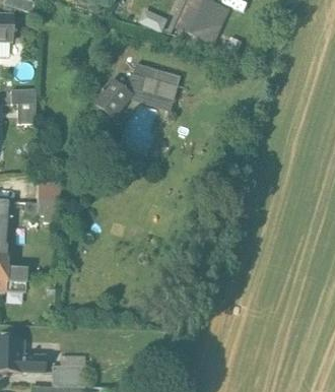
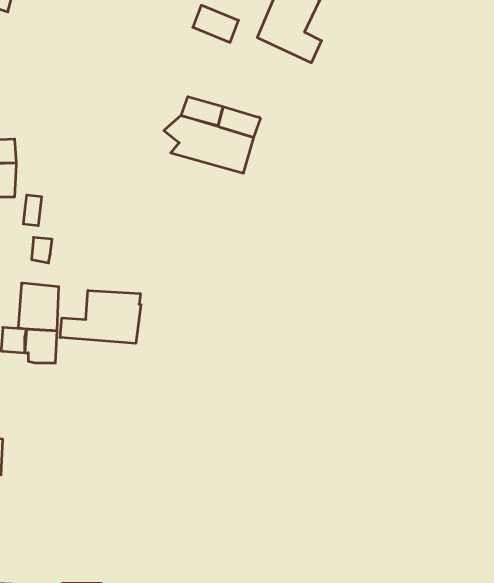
building: [98,78,131,114] -> none
building: none -> [60,290,141,343]

